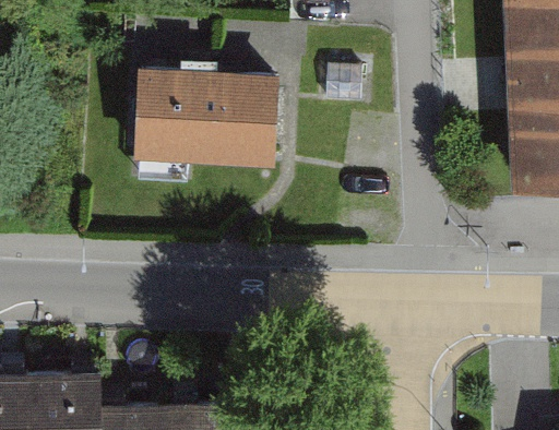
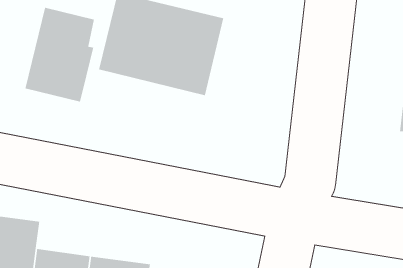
building: none -> [24,7,95,103]

